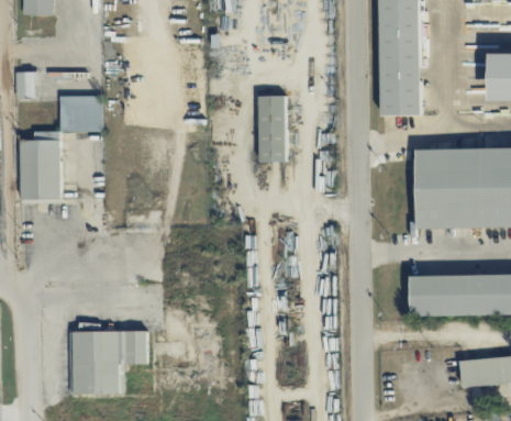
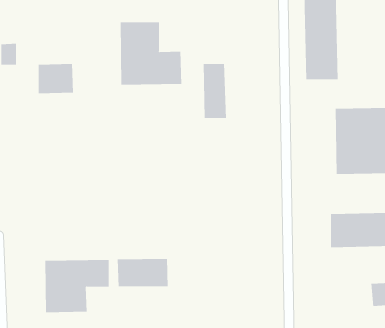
building: none -> [120,21,182,85]
building: [20,131,60,204] -> none
building: none -> [117,258,168,287]

